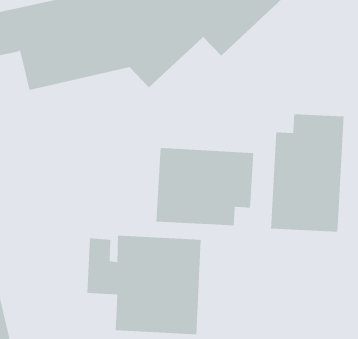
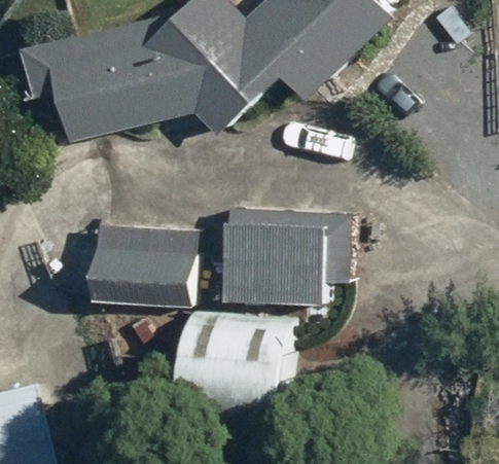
building: [271,114,344,232] -> none
building: none -> [96,225,195,307]

